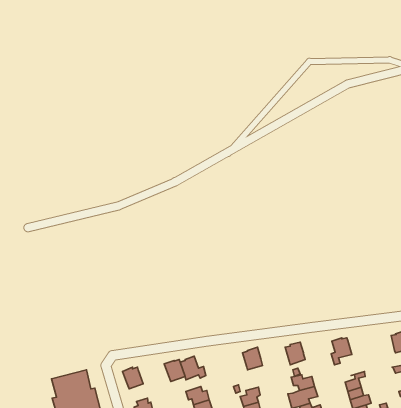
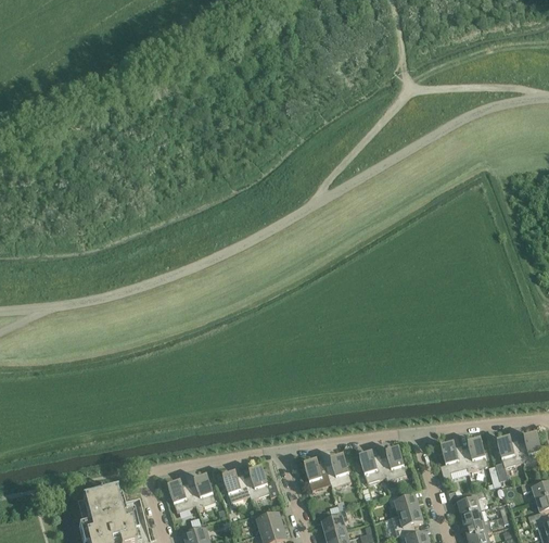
building: none -> [495,437,522,478]
building: none -> [461,440,487,468]
building: none -> [359,452,385,480]
building: none -> [304,459,330,488]
building: none -> [189,476,215,506]

